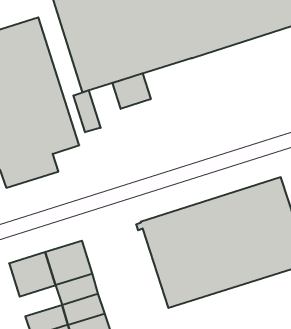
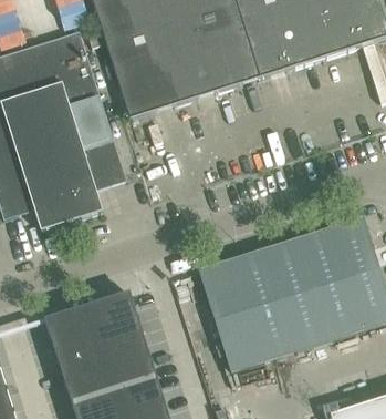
building: [113,73,151,109] -> none
building: [73,90,101,132] -> none
building: none -> [58,344,107,380]

